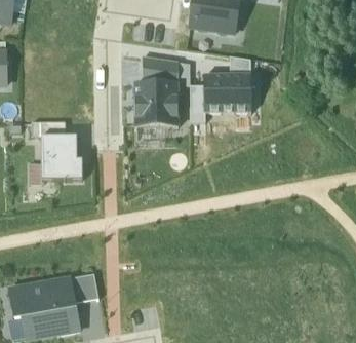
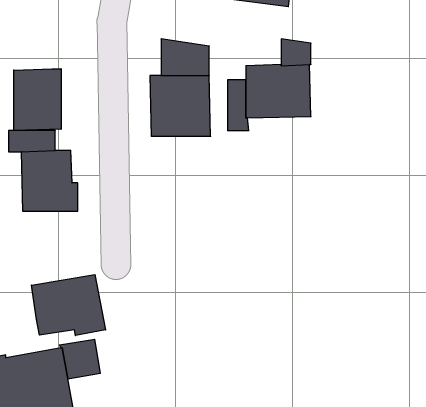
building: none -> [14,69,61,131]
building: none -> [32,275,106,336]

